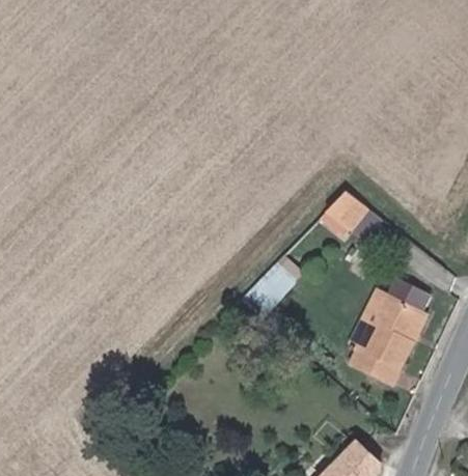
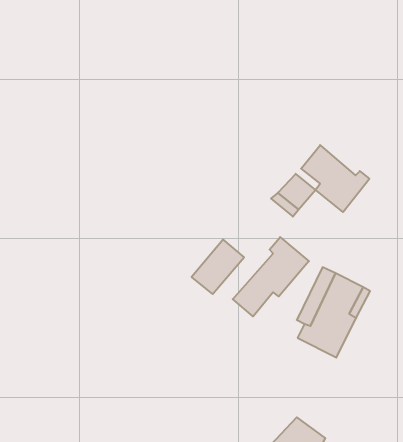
building: none -> [301,145,369,212]
building: none -> [233,237,309,316]

